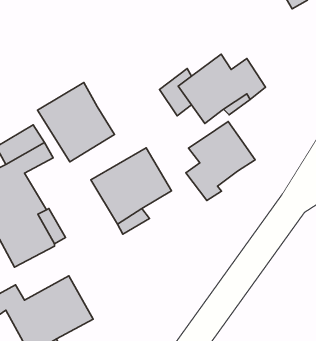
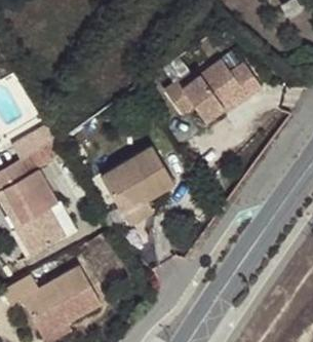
building: [38,83,114,162] -> none
building: [186,122,255,200] -> none

